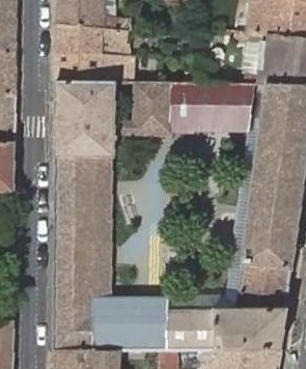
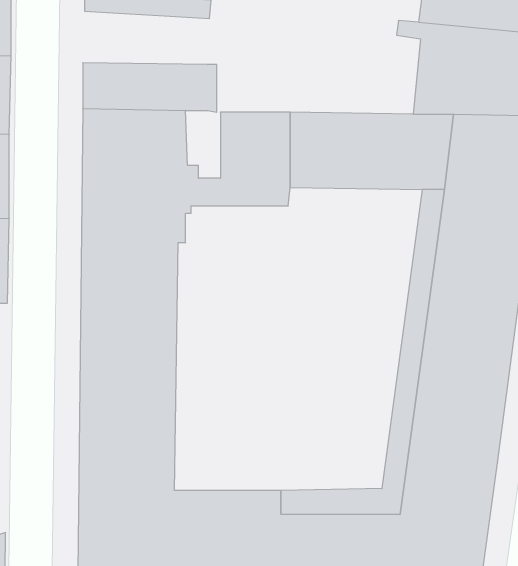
building: [56,26,128,56] -> none

